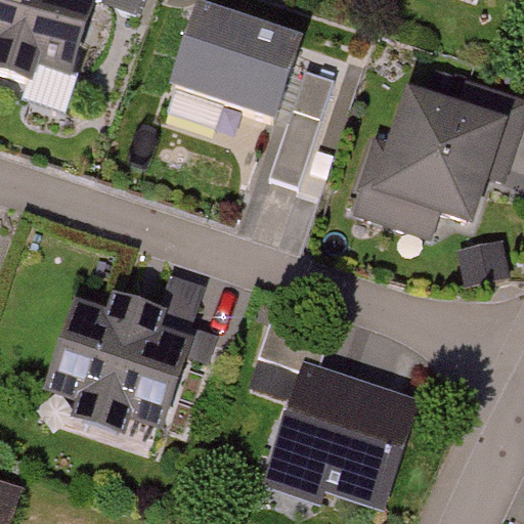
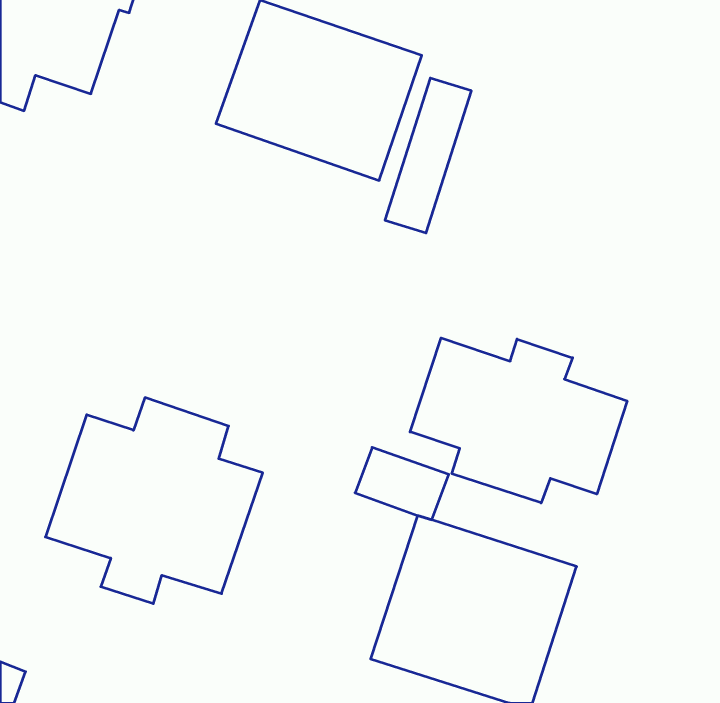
building: [358,85,501,229] -> none
building: none -> [410,338,627,503]

